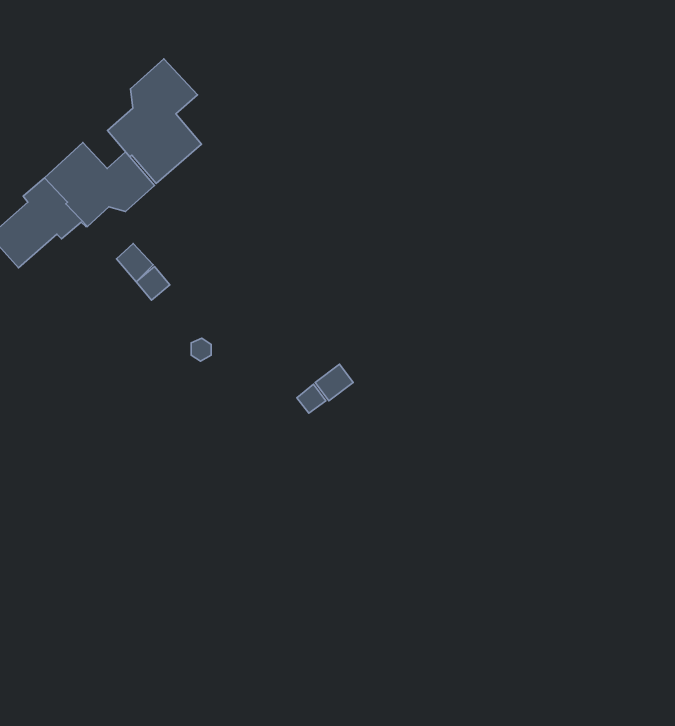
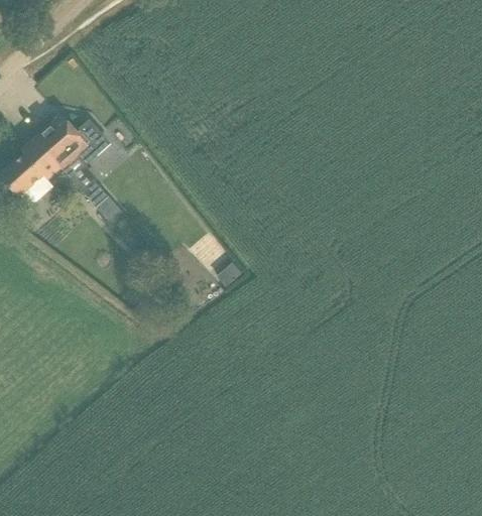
building: [107,59,201,184] -> none

